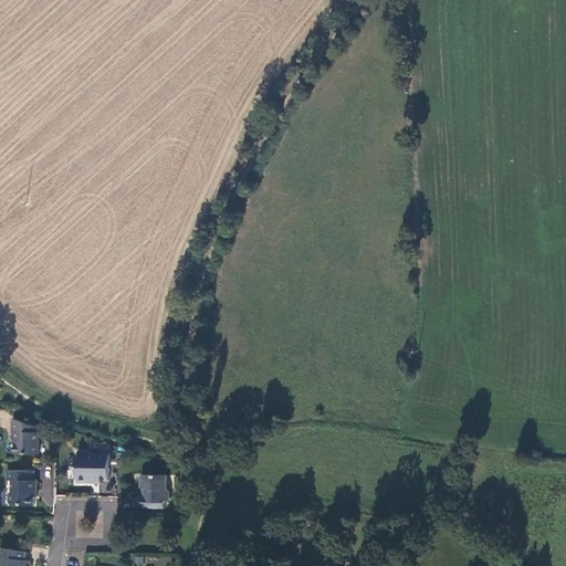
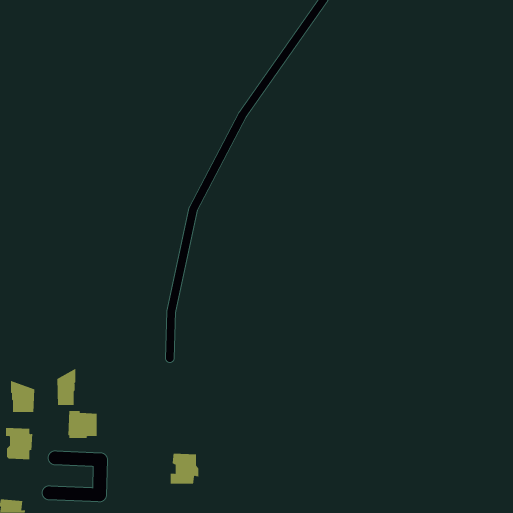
building: none -> [57,368,76,406]
building: [136,473,168,507] -> [170,453,199,484]

